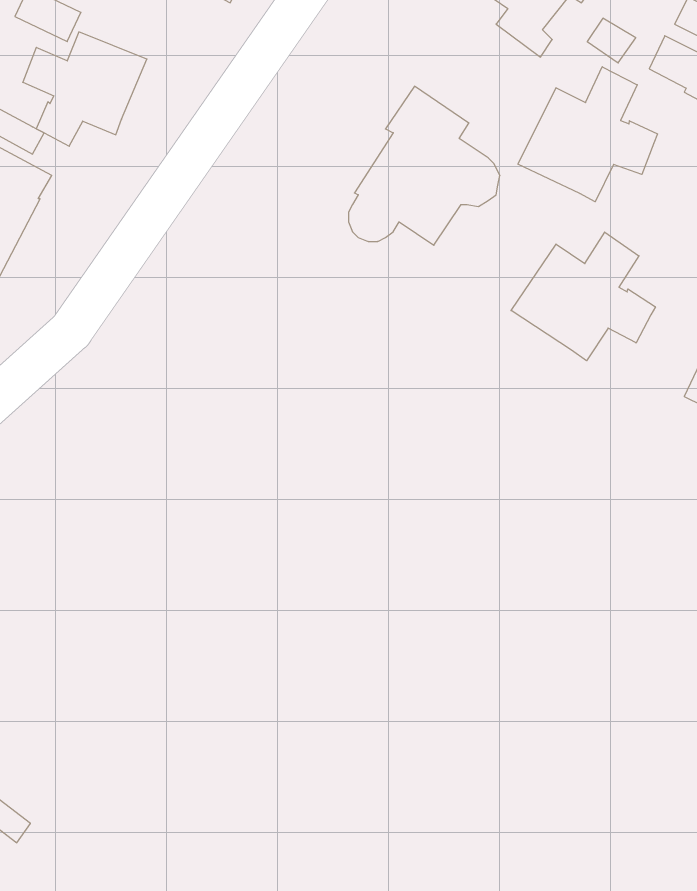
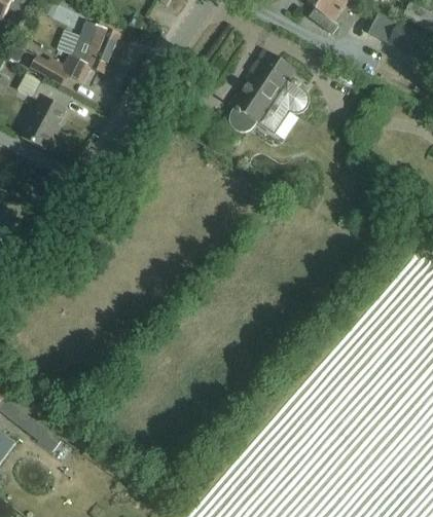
building: [518,67,658,202] -> none
building: [511,232,655,361] -> none

